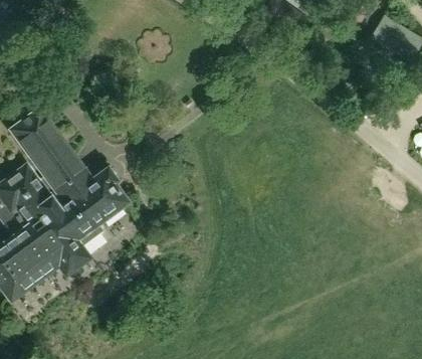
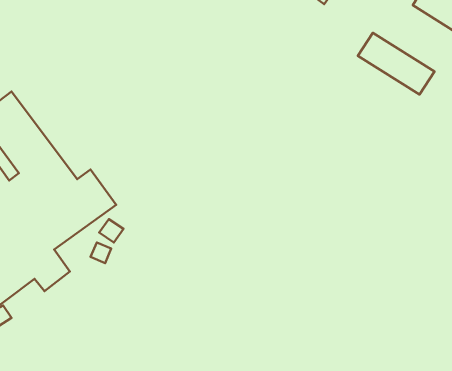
building: none -> [358,33,434,94]

